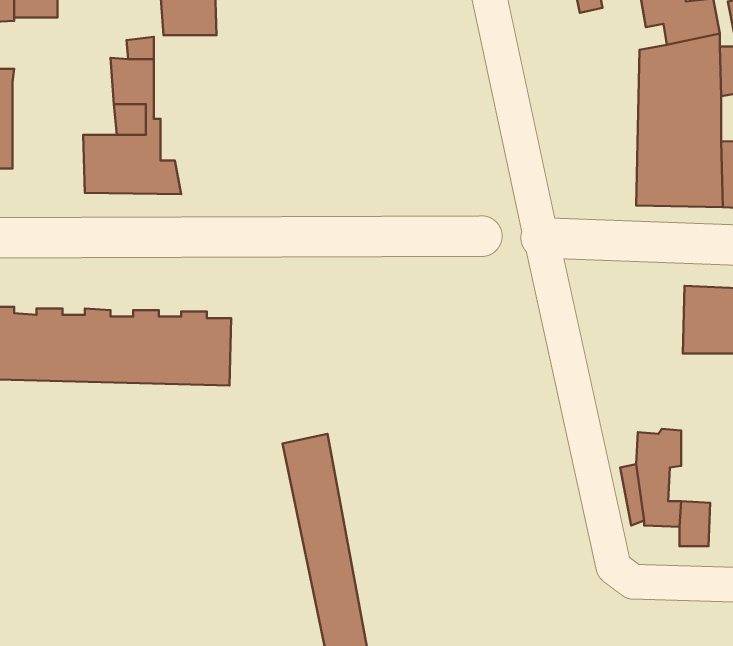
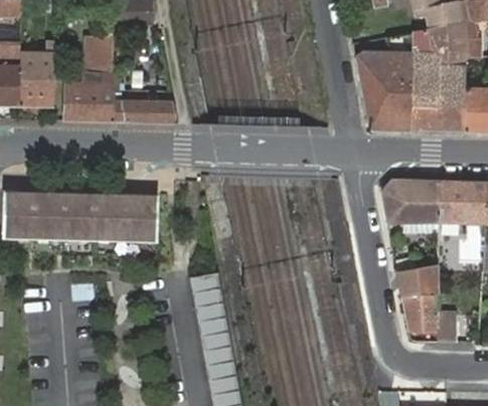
building: none -> [355,32,413,130]
building: none -> [20,42,55,107]
building: none -> [122,102,175,124]
building: none -> [381,179,441,227]

